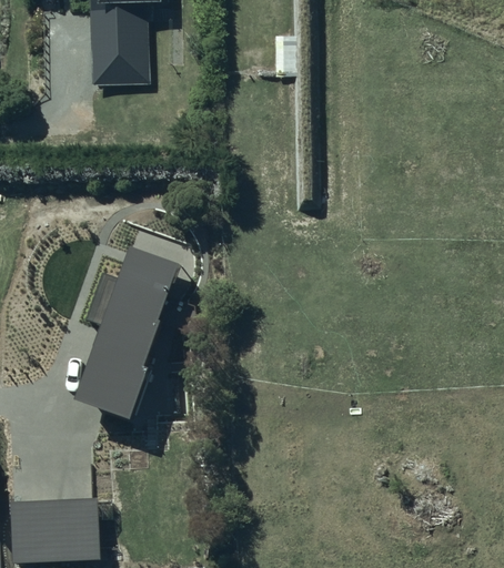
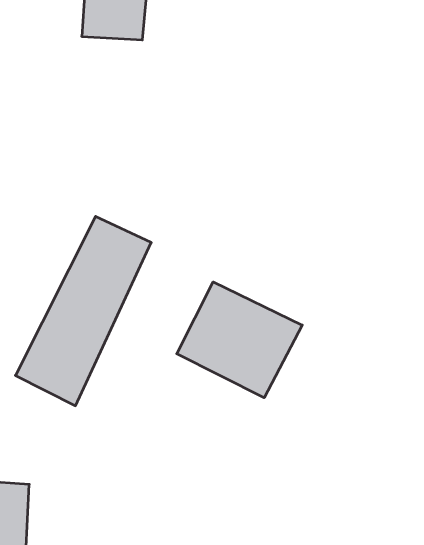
building: none -> [177,282,302,398]

